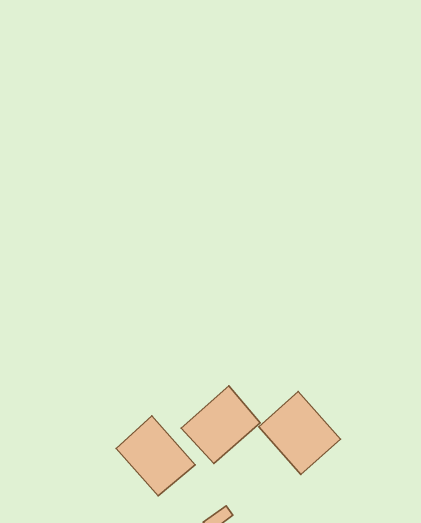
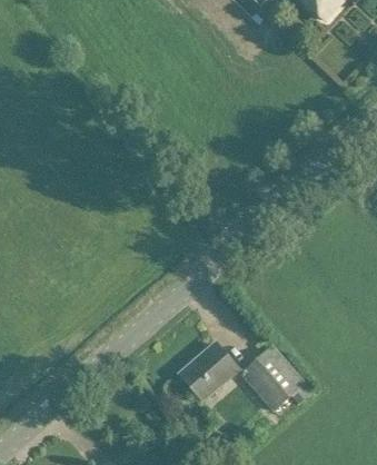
building: [116,416,195,496] -> none

